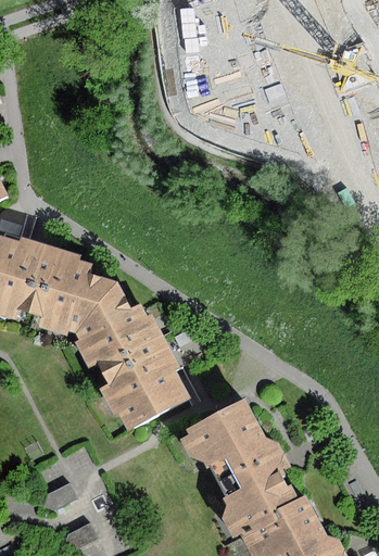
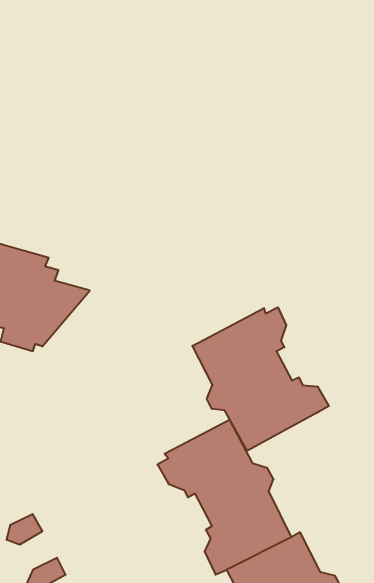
building: [75,282,192,432] -> none
building: none -> [192,307,329,451]

